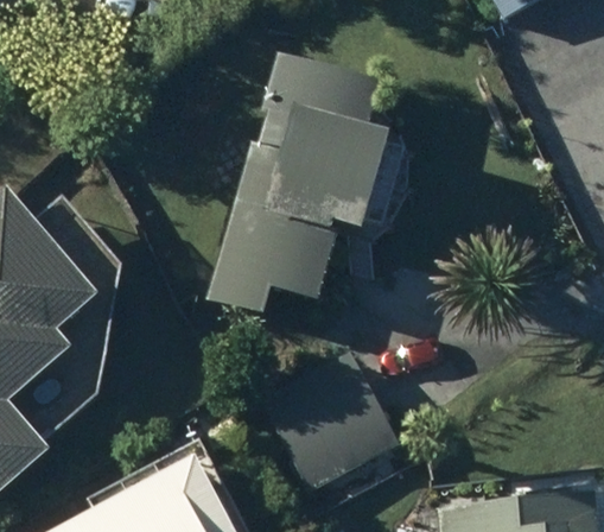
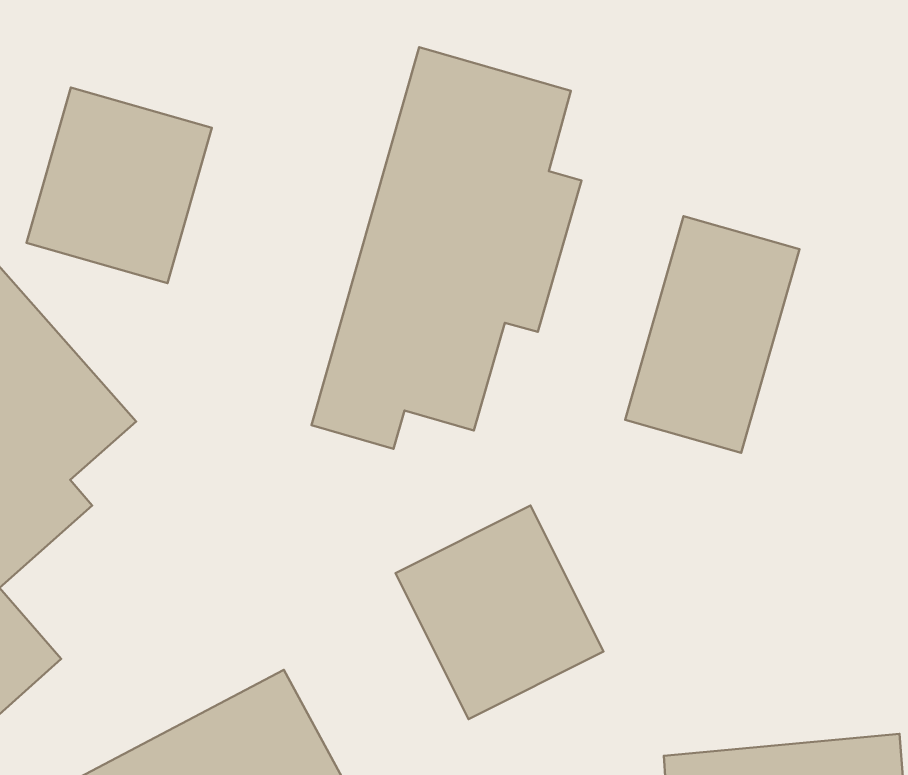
building: none -> [26,88,212,283]
building: none -> [625,216,799,453]

